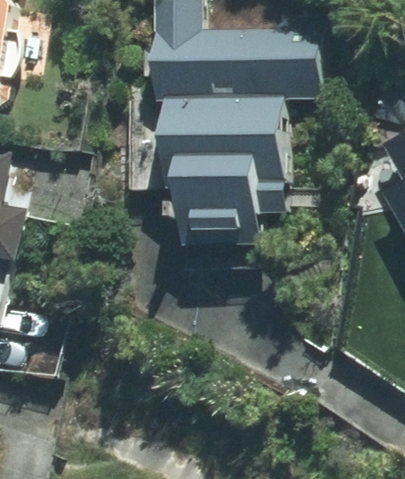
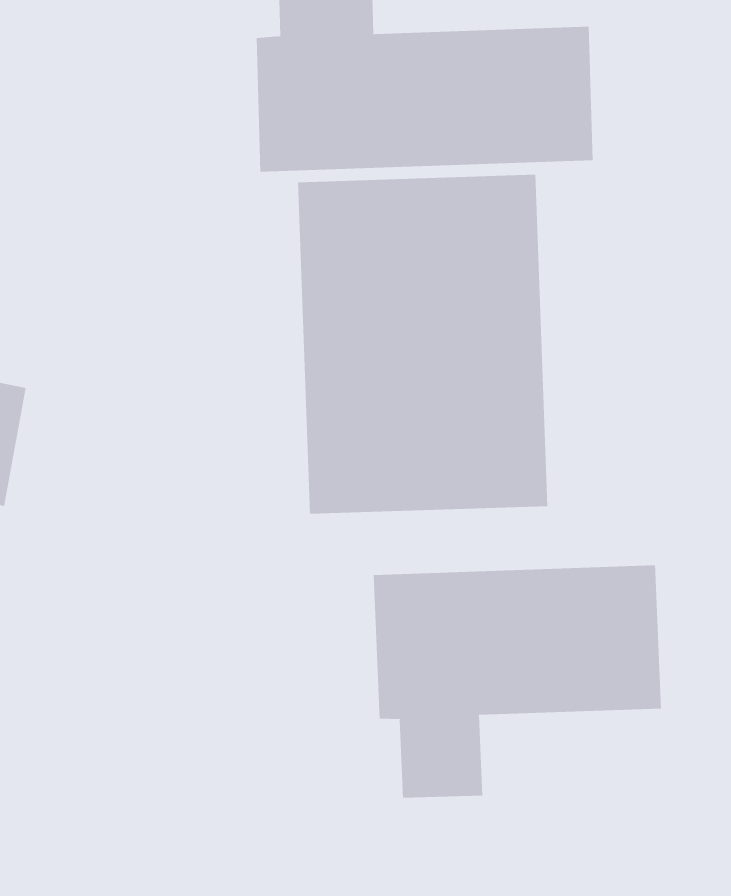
building: none -> [373,564,661,798]

